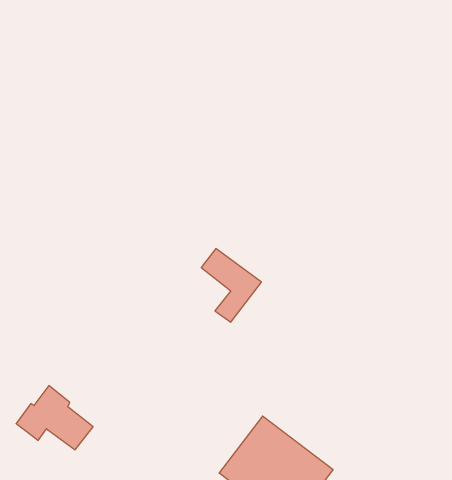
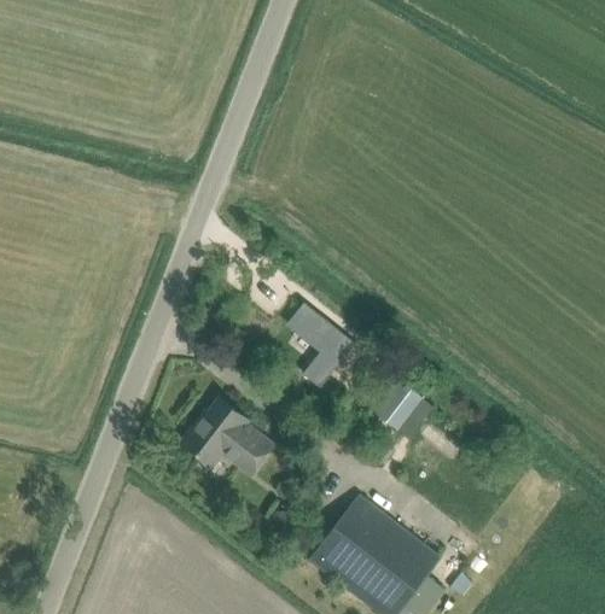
building: none -> [376,381,423,431]
building: [16,386,93,450] -> [184,399,272,473]

